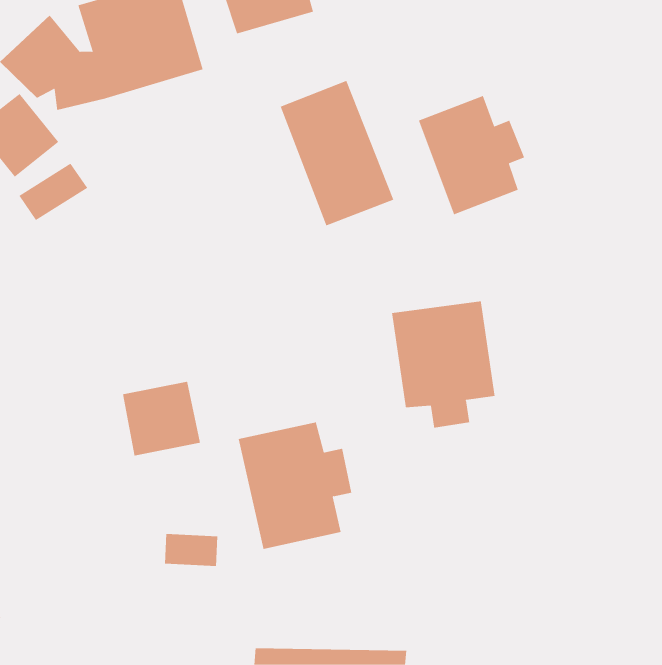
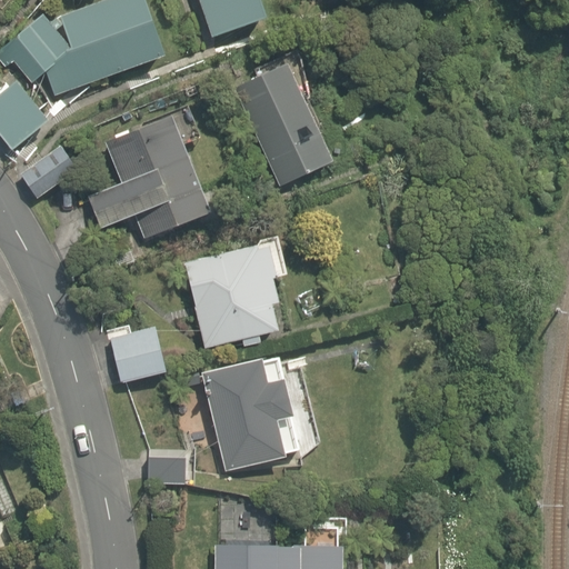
building: [418,95,525,215] -> none
building: none -> [91,121,214,256]
building: none -> [183,240,286,343]
building: [392,300,495,429] -> none

